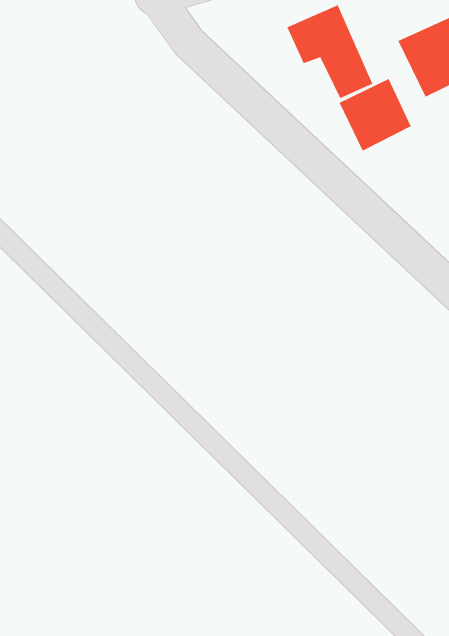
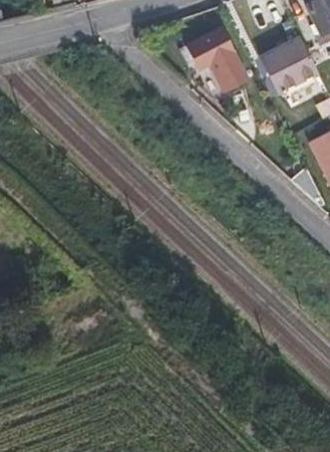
building: [339,78,412,152] -> none

